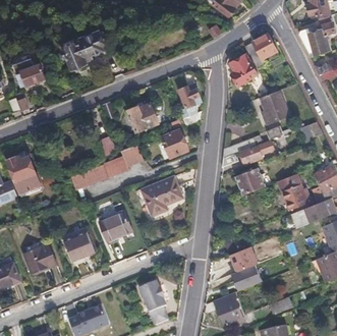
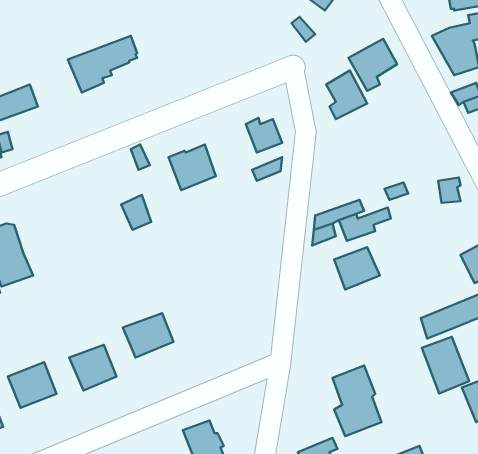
building: [258,91,287,125] -> none
building: [161,129,186,157] -> none
building: [70,145,141,191] -> none
building: [277,174,307,211] -> [422,337,469,394]
building: [141,176,181,214] -> none

